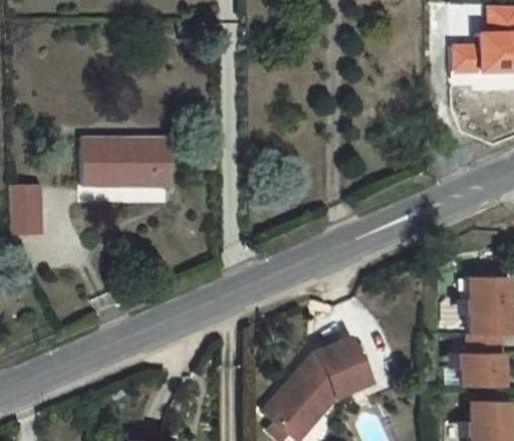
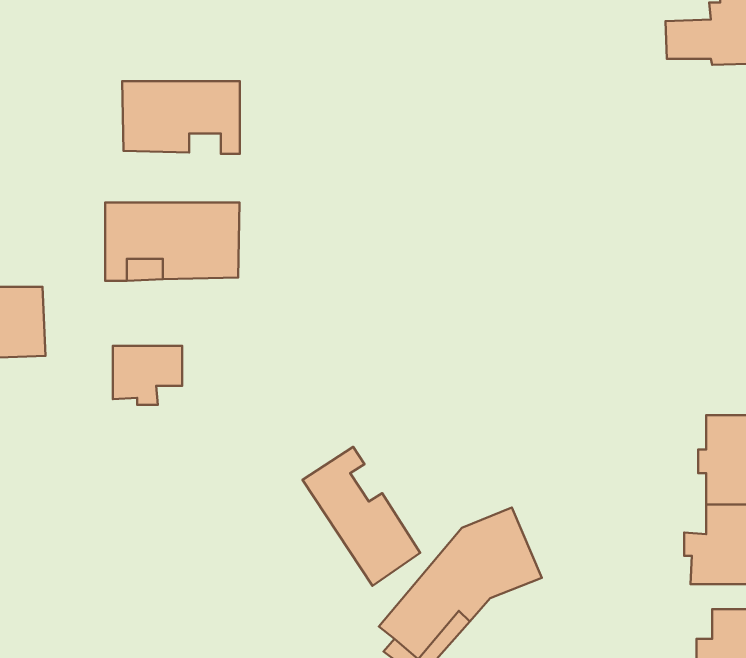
building: none -> [122,81,240,154]
building: none -> [113,346,182,405]
building: none -> [303,447,420,586]

